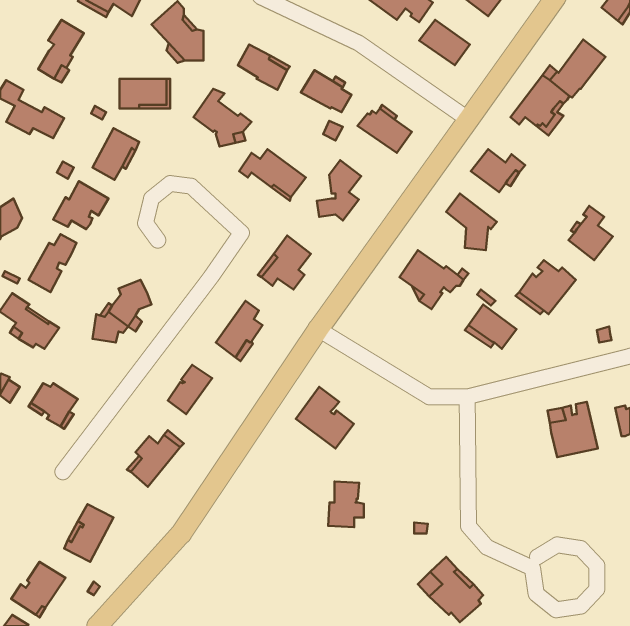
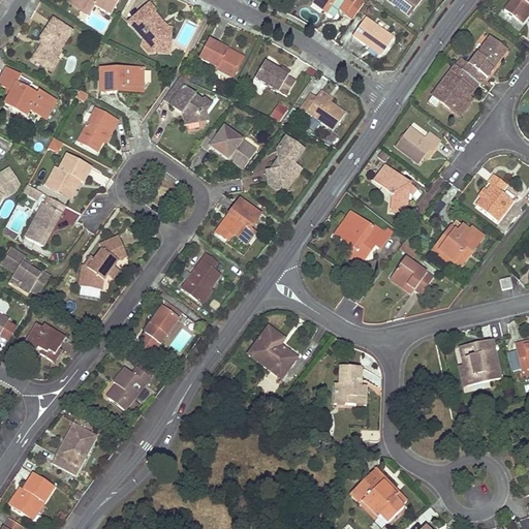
building: [328,482,364,527] -> [335,365,365,403]

